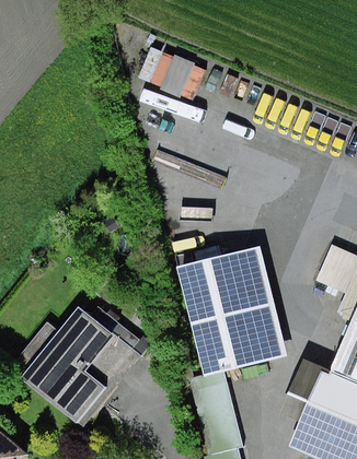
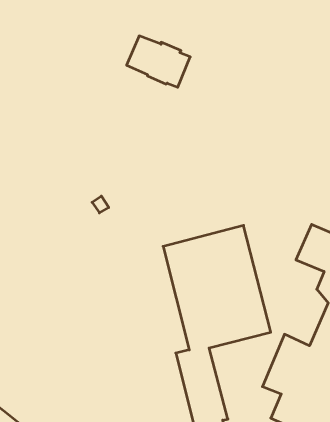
building: [10,306,141,426] -> none

